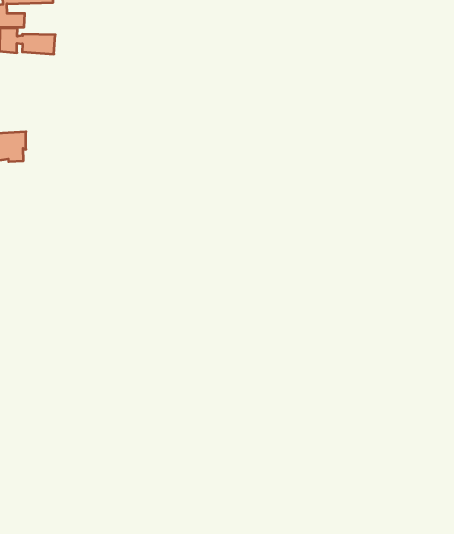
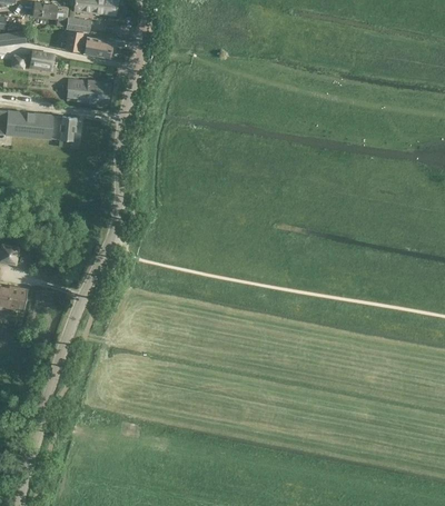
building: none -> [67,80,112,105]

